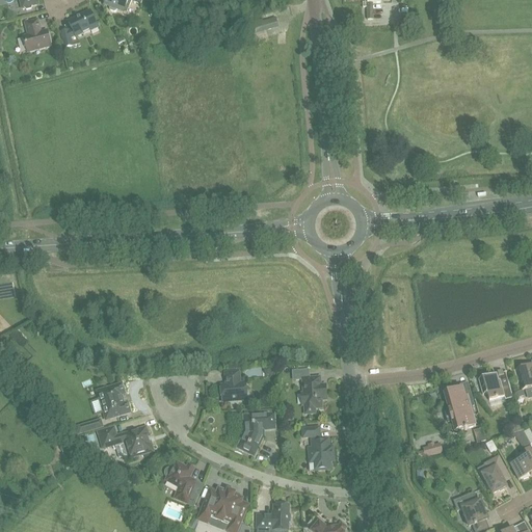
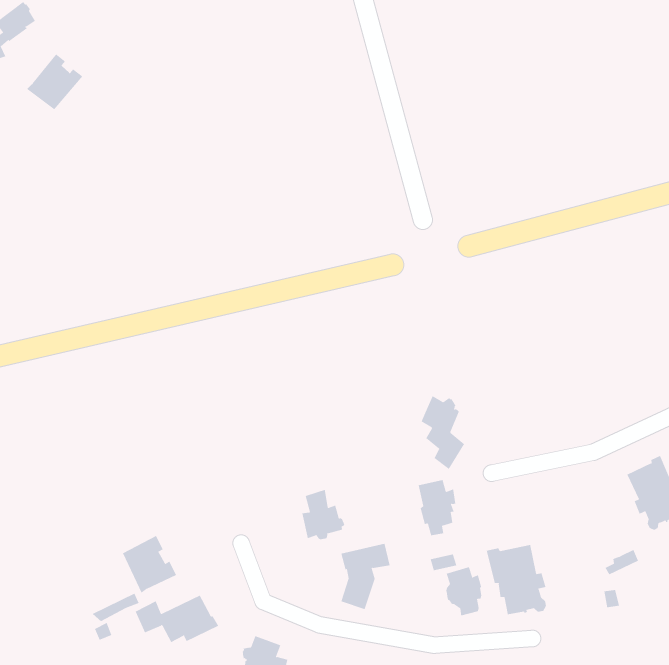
building: none -> [26,53,83,110]
building: none -> [421,395,465,470]
building: none -> [486,544,546,615]

